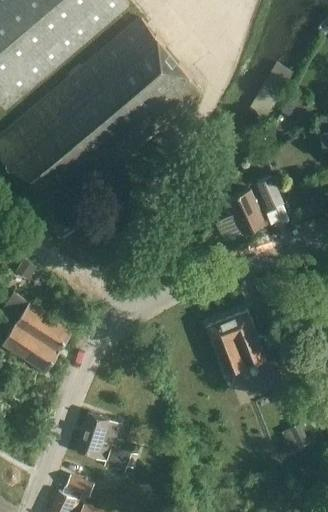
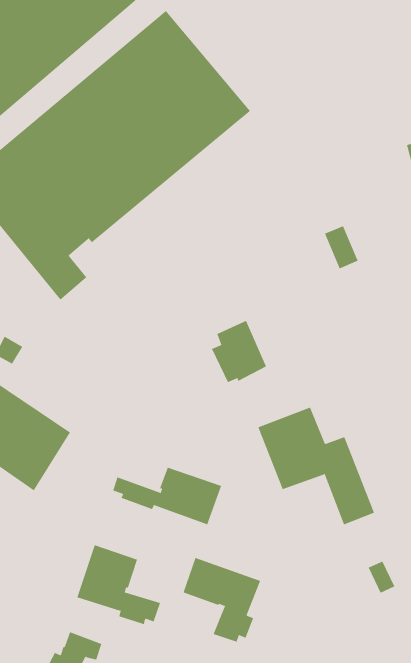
building: [224,190,265,236] -> [211,320,267,383]
building: none -> [112,467,222,525]
building: none -> [183,557,261,643]

